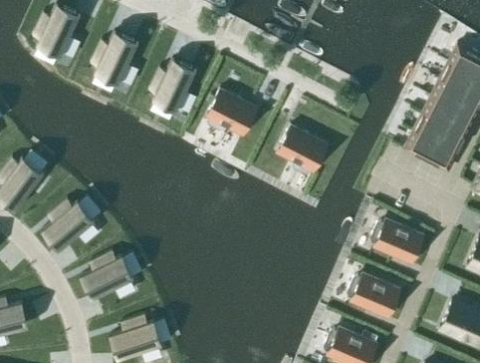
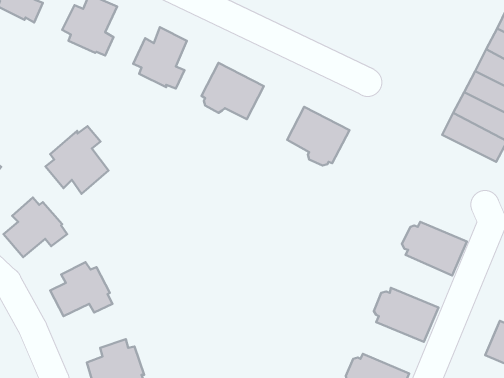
building: none -> [45,126,109,194]

